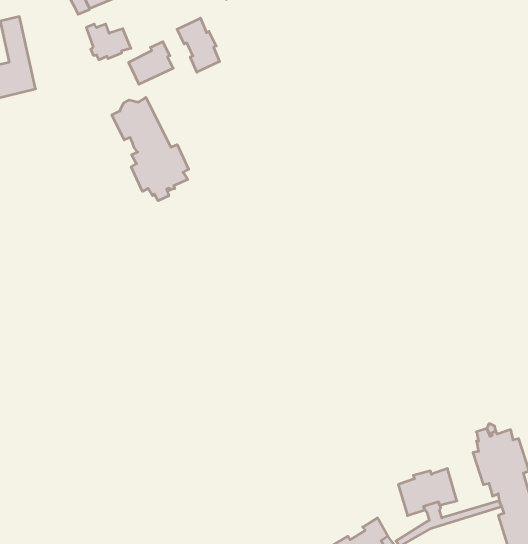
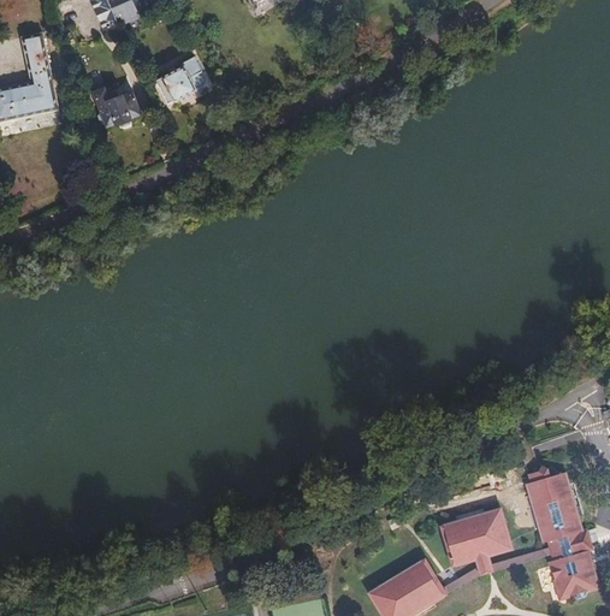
building: [177,18,220,72] -> none
building: [86,24,131,60] -> [96,91,143,129]
building: [112,97,189,201] -> none

